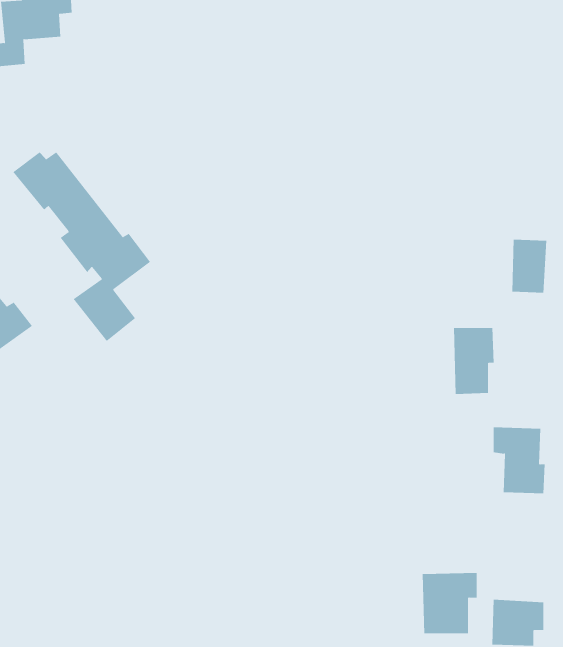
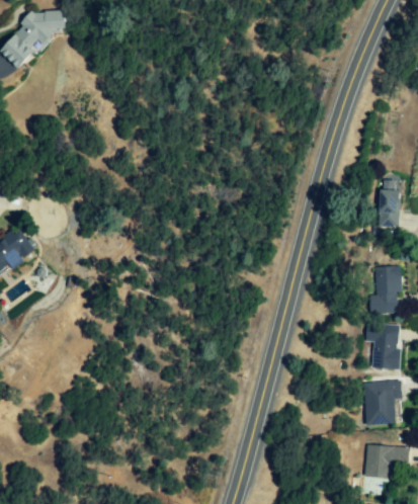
building: [13,151,151,342] -> none
building: [453,328,495,395] -> [372,265,402,313]
building: [422,573,478,634] -> [362,380,402,423]

